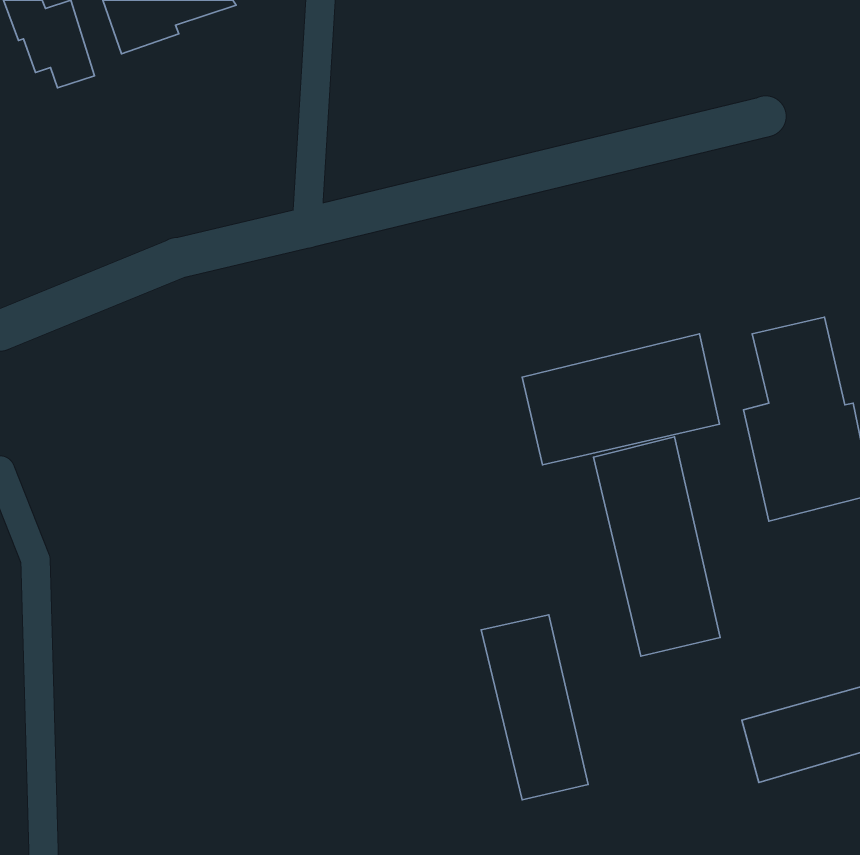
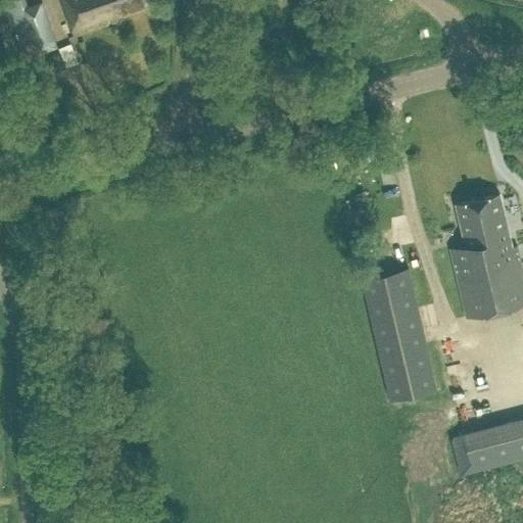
building: [522,334,720,465] -> none
building: [481,615,588,800] -> none

